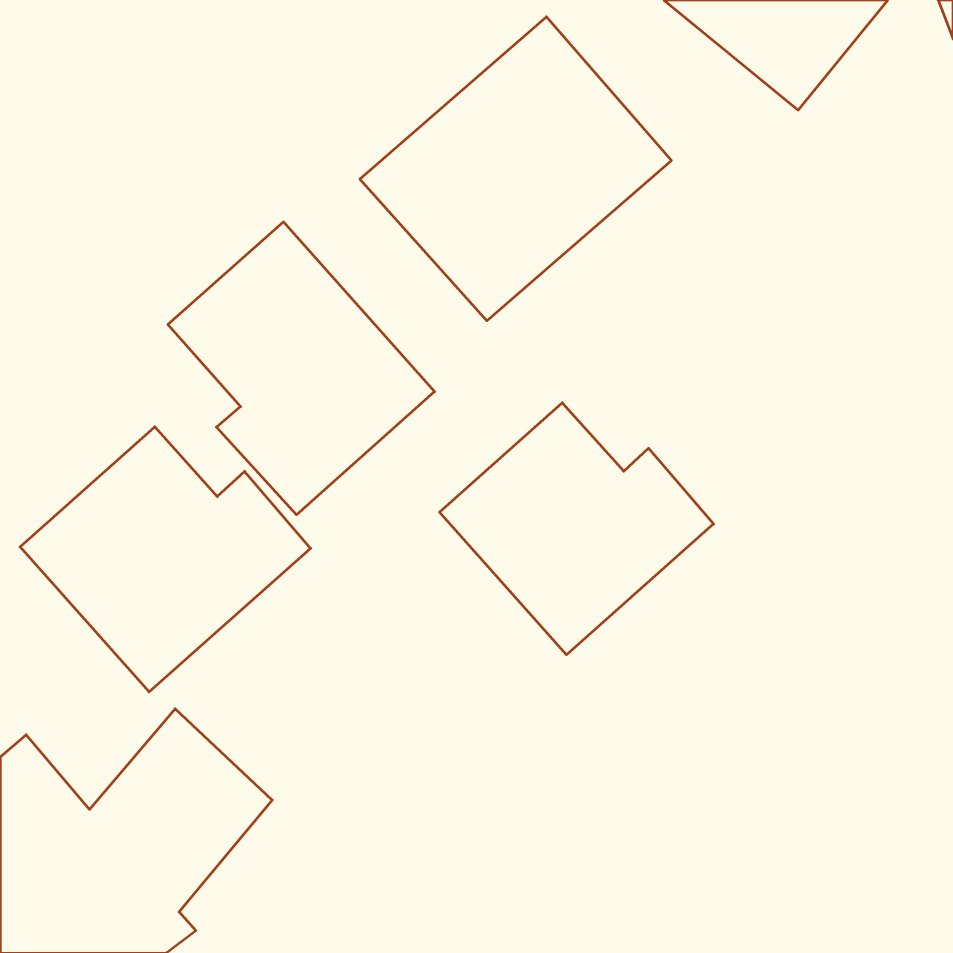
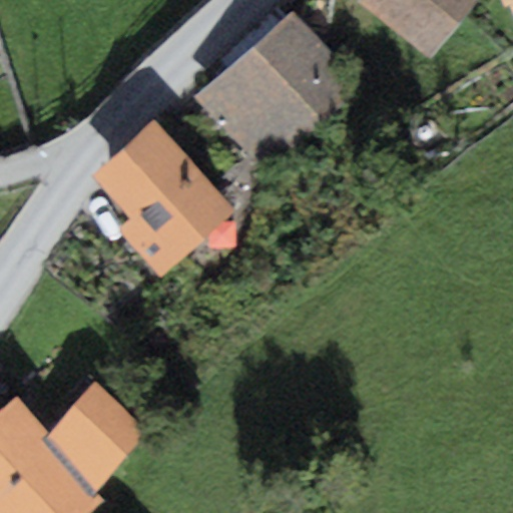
building: [440,403,714,655] -> none
building: [20,427,311,692] -> none

